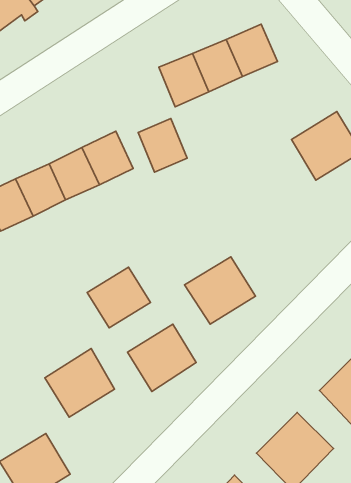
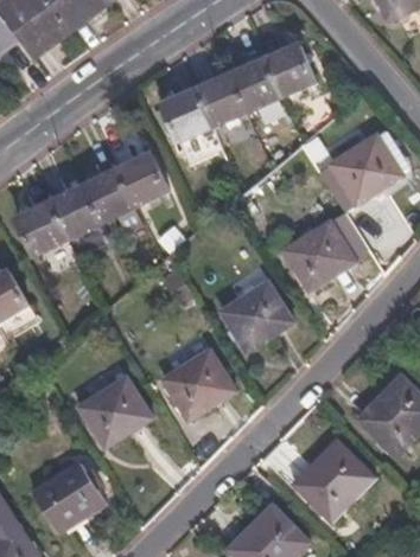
building: [138,119,187,172] -> [161,88,211,142]
building: none -> [284,222,354,289]
building: [87,267,150,328] -> none

